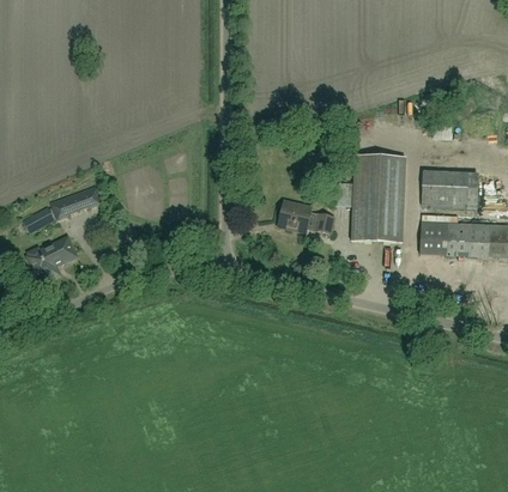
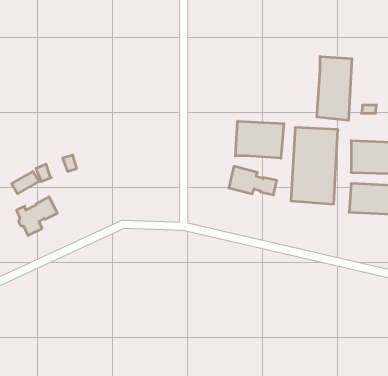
building: none -> [317,56,352,120]
building: none -> [235,121,284,158]

